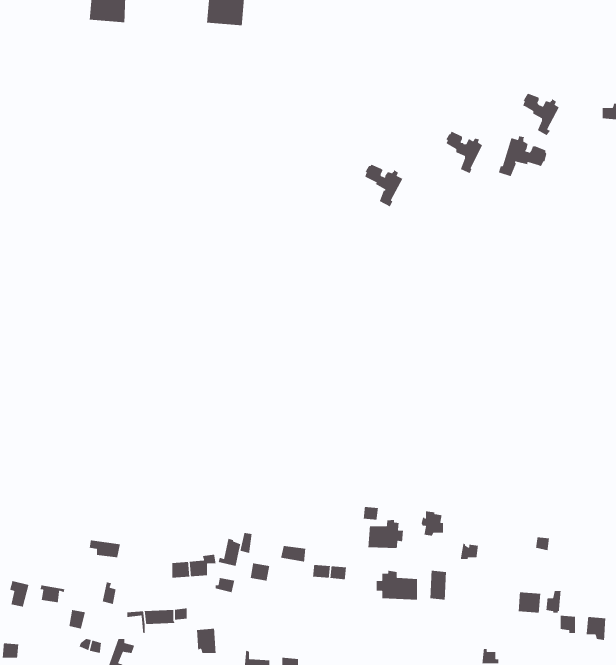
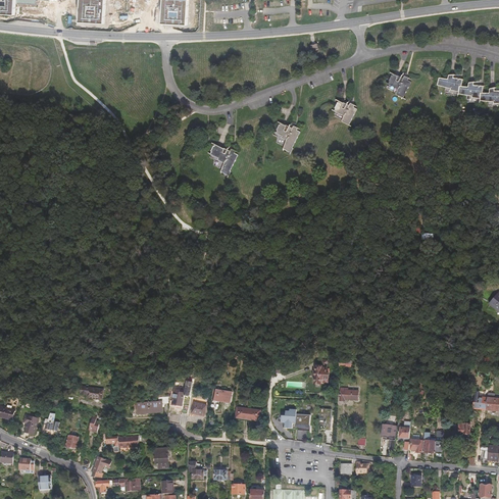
building: [498,136,547,177] -> none
building: none -> [204,143,235,173]
building: [368,519,404,549] -> none

